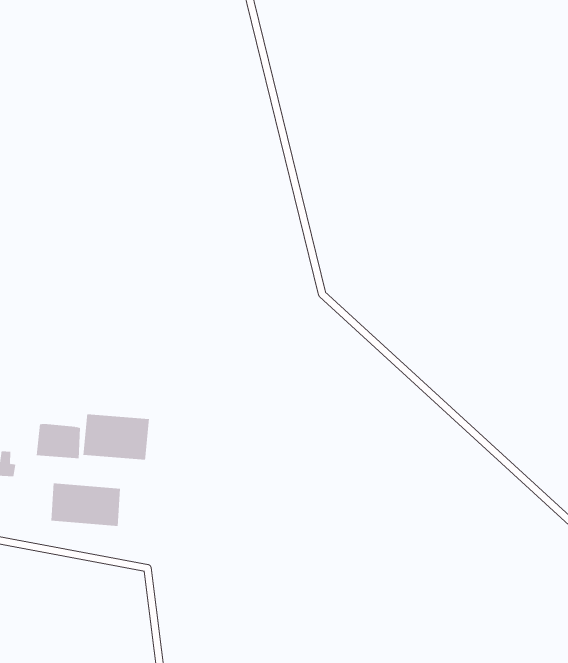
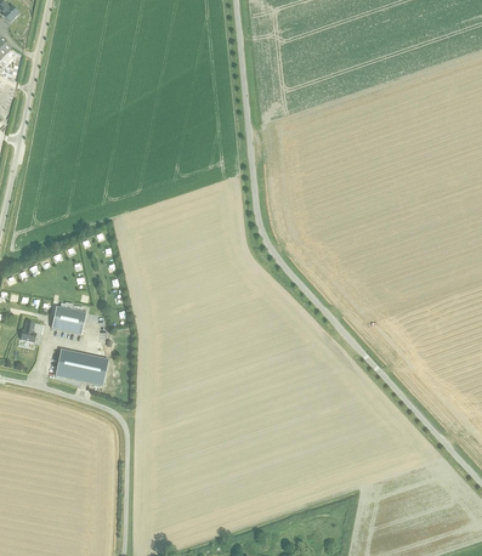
building: [83,413,150,461] -> none

